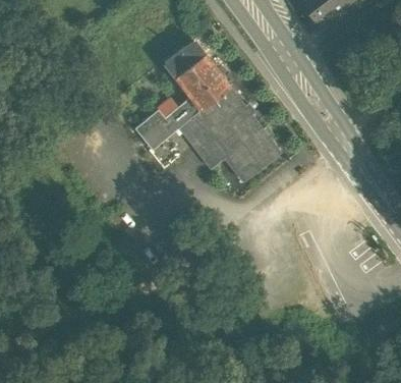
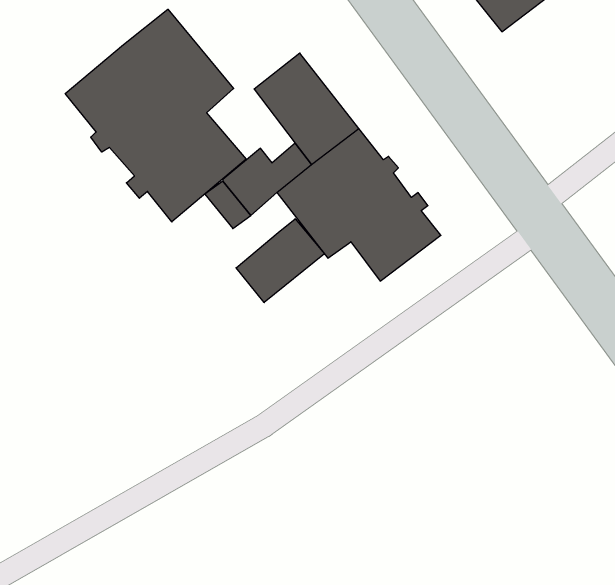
building: none -> [65,9,246,222]
building: none -> [236,219,324,303]

